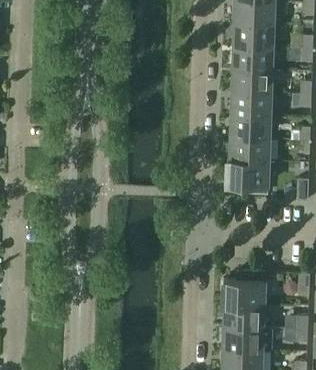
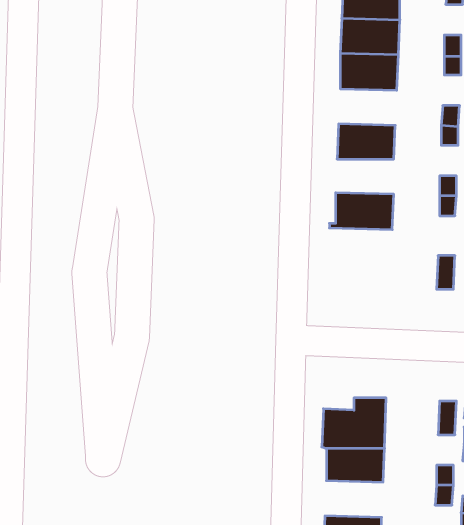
building: [233,71,271,95] -> none
building: [231,117,269,140] -> none
building: [226,162,268,194] -> none
building: [224,327,262,351] -> none

